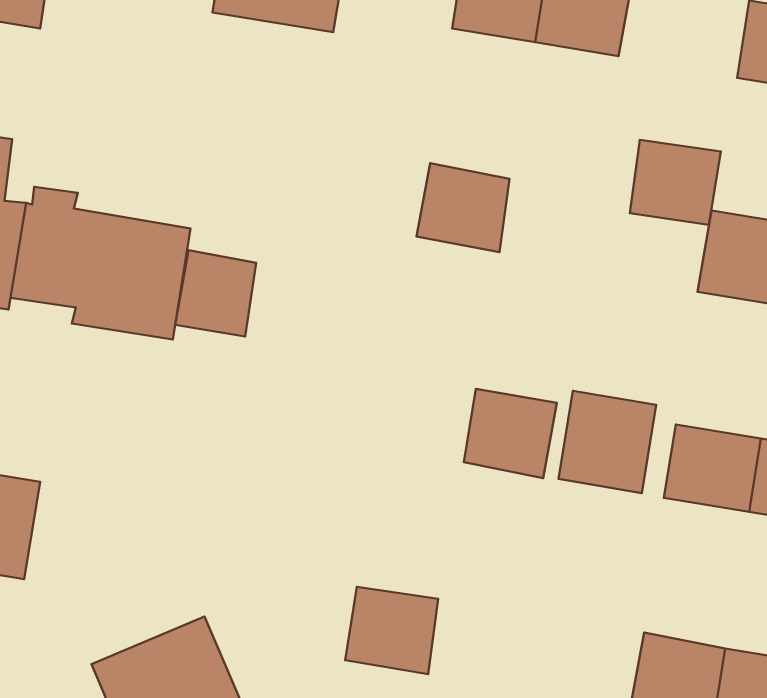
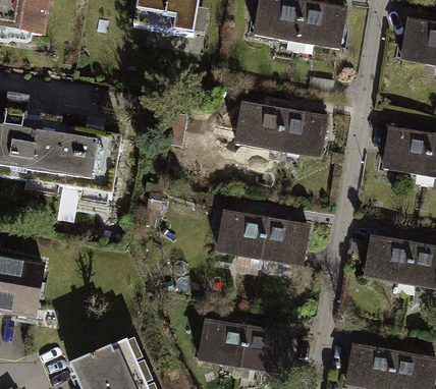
building: [630,140,721,225] -> [279,111,326,155]
building: [175,250,256,337] -> none
building: none -> [218,212,267,257]
building: [558,391,656,493] -> none
building: none -> [242,327,289,372]

